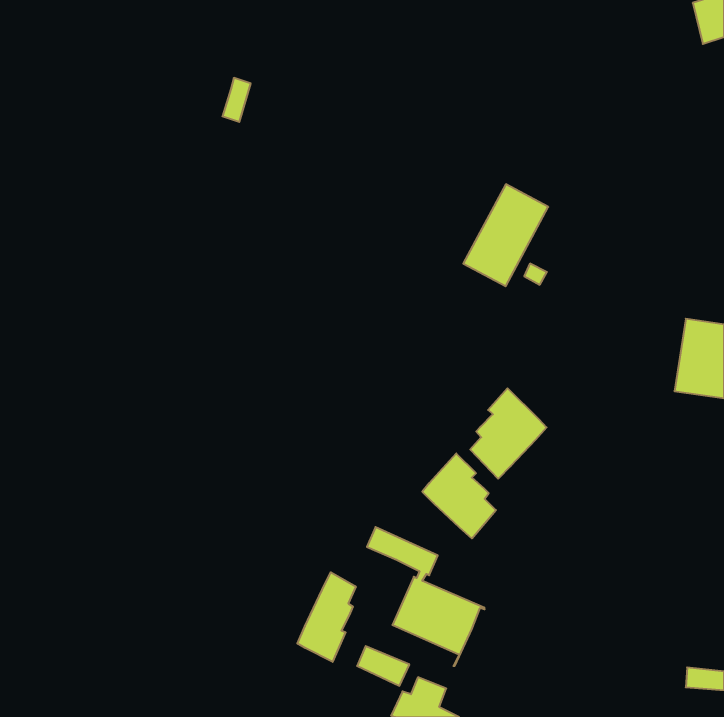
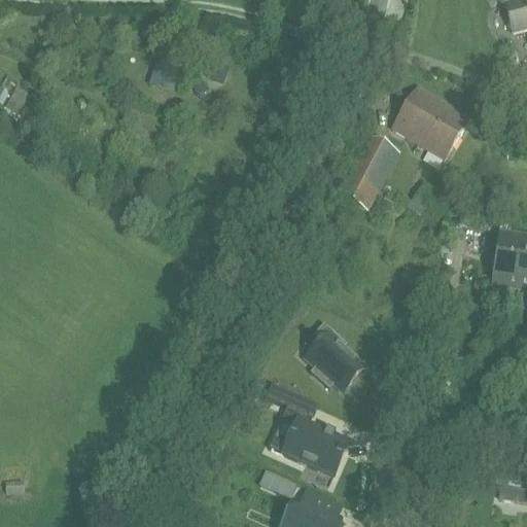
building: none -> [391,86,469,160]
building: [470,388,547,479] -> none
building: [297,572,356,662] -> none

